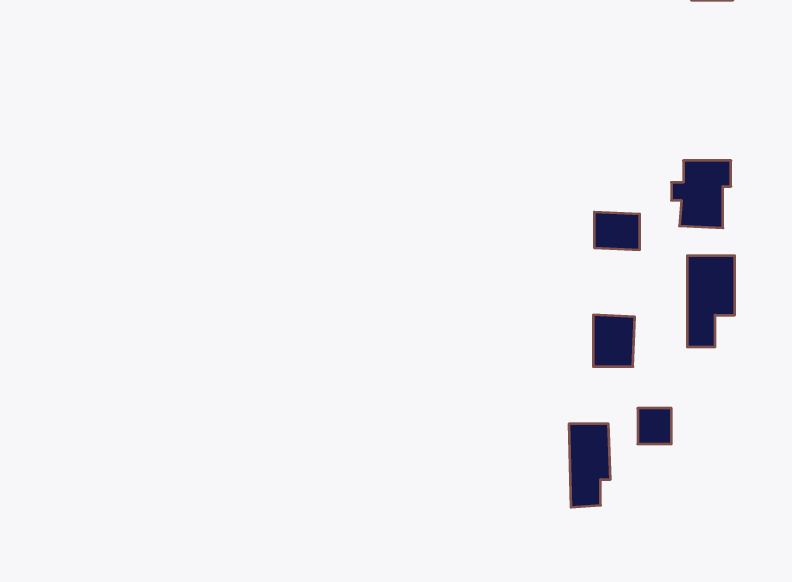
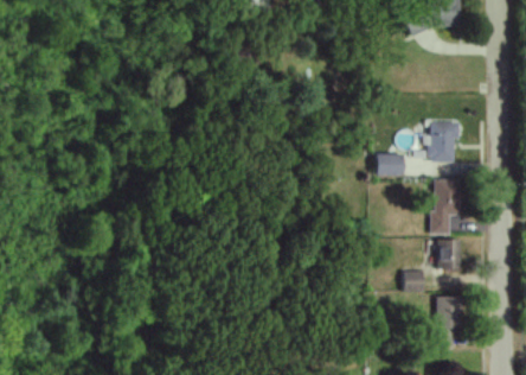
building: [593,315,635,367] -> [437,239,462,269]
building: [569,424,610,507] -> [436,297,461,347]

